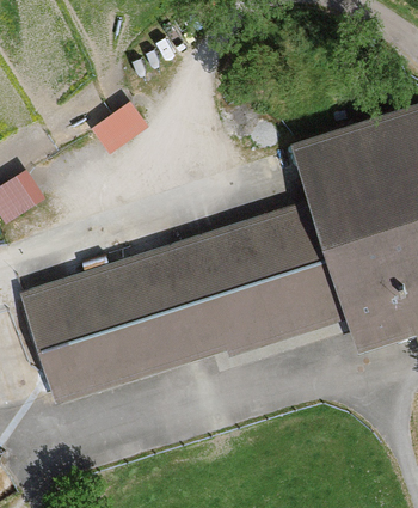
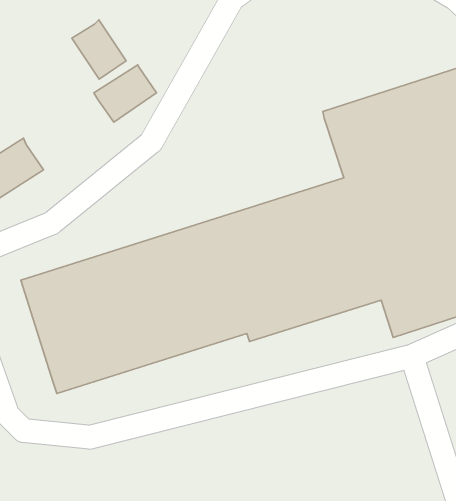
building: none -> [72,20,126,79]

